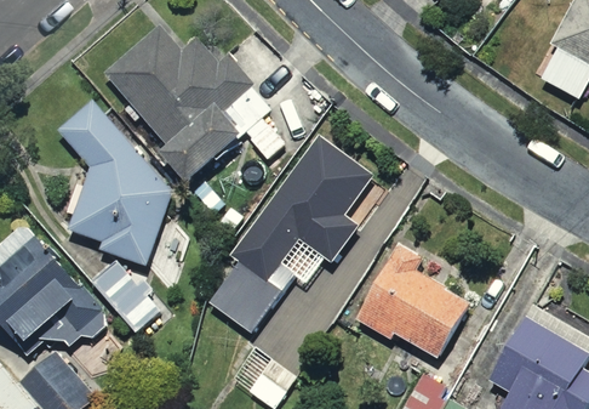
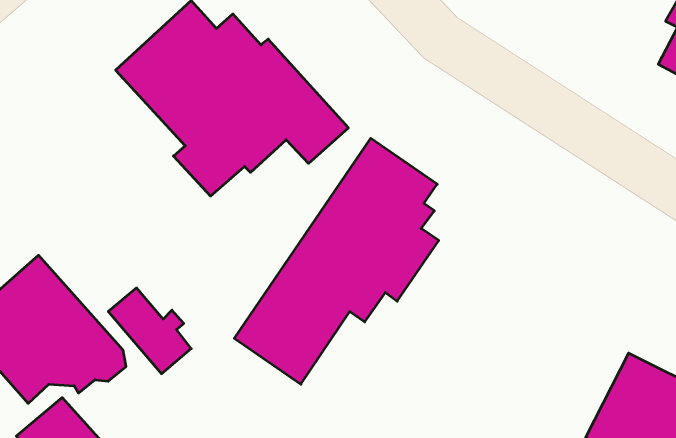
building: [59,98,175,263] -> none
building: [345,243,459,356] -> none

